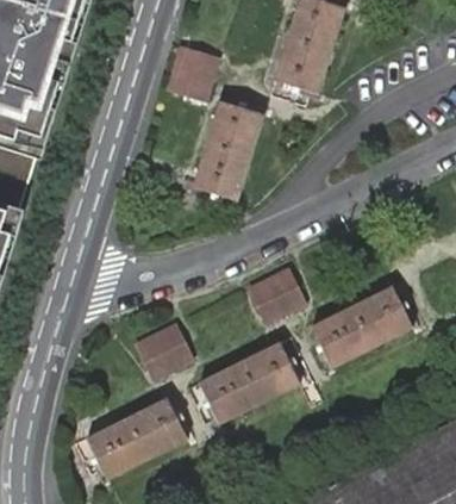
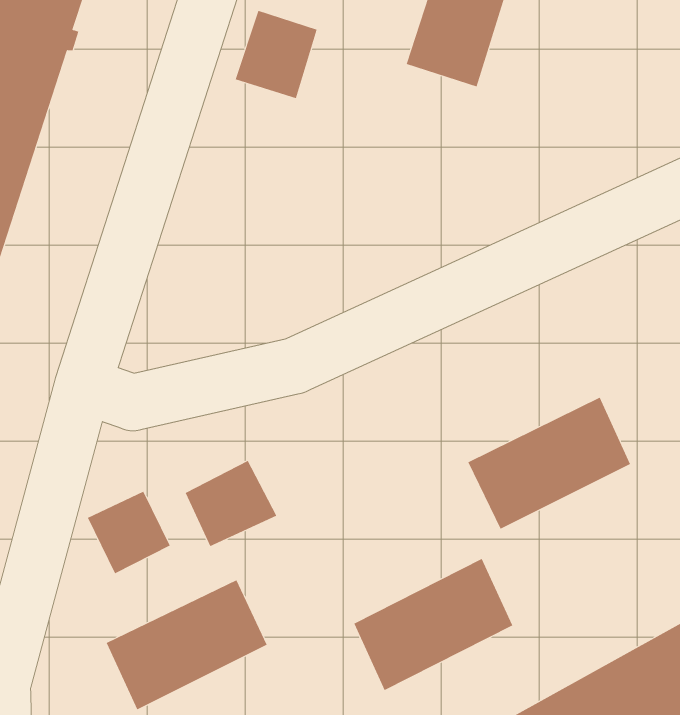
building: [192,100,262,198] -> none
building: [248,268,305,322] -> none
building: [200,341,299,423] -> [353,558,513,691]
building: none -> [87,491,171,574]

